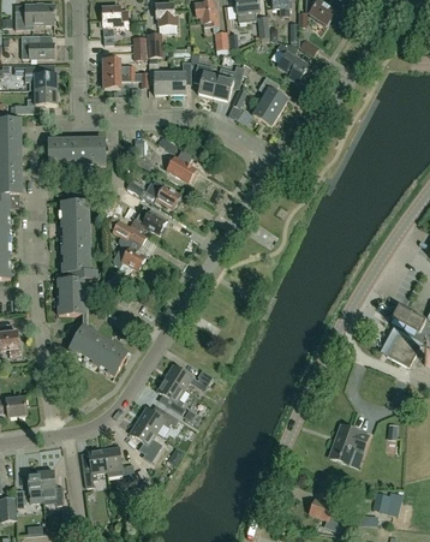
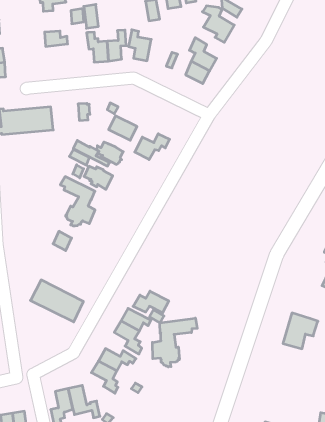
building: [103,64,149,87] -> none
building: [213,64,244,100] -> none
building: none -> [135,134,170,160]
building: [58,201,97,315] -> none
building: none -> [133,291,169,313]
building: none -> [152,318,197,367]
building: [329,423,369,463] -> [283,313,318,349]

